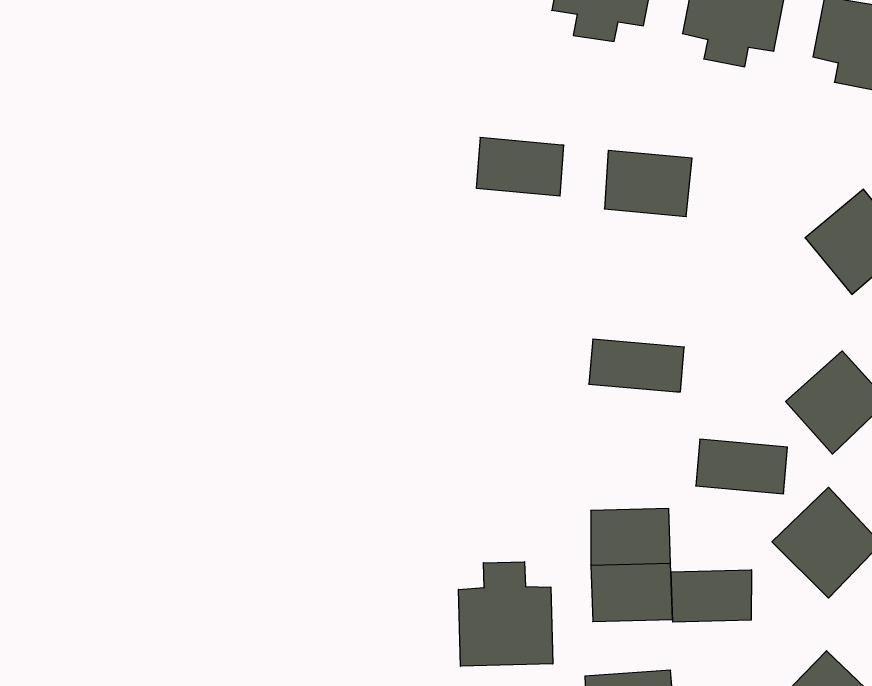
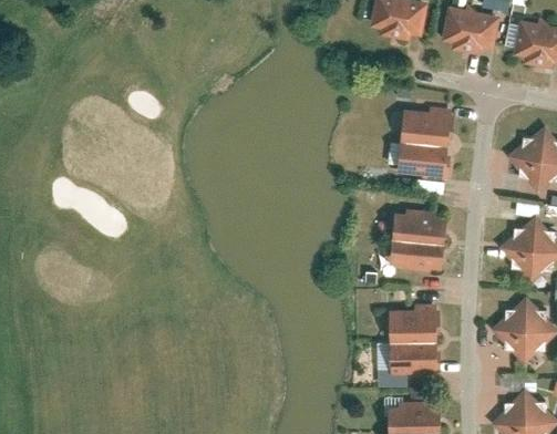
building: [476,137,564,196] -> [396,140,446,173]
building: [696,439,787,494] -> [388,239,440,270]
building: [459,562,553,666] -> none
building: [671,570,751,622] -> none

